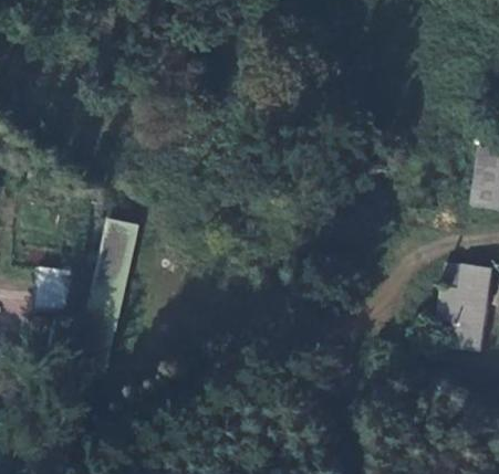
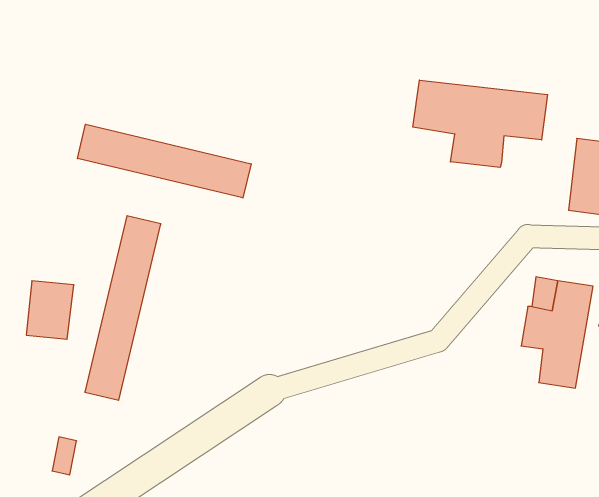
building: none -> [413,80,548,167]
building: none -> [77,124,251,198]

